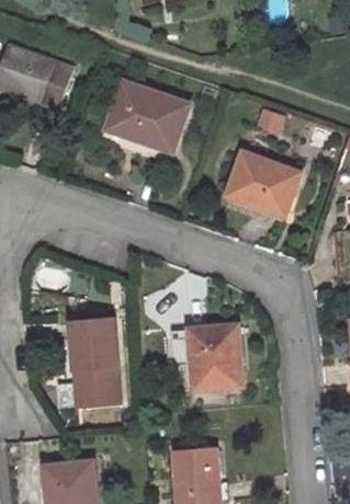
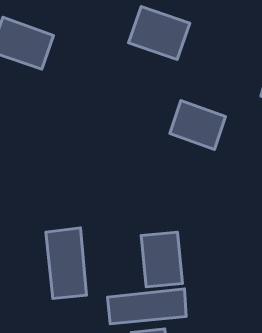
building: [106,82,187,151] -> [128,6,190,60]
building: none -> [107,289,186,324]

